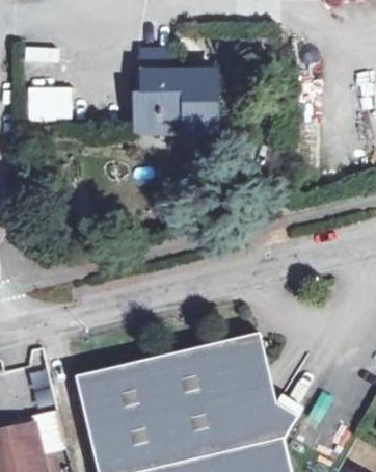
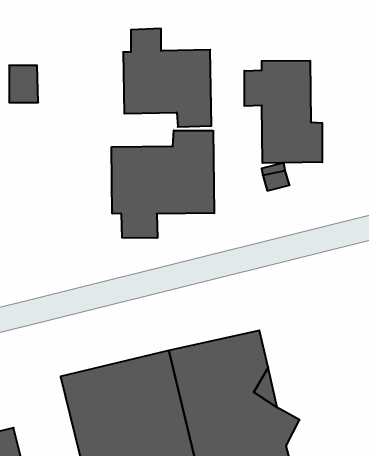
building: none -> [244,61,322,163]
building: none -> [112,130,214,238]

